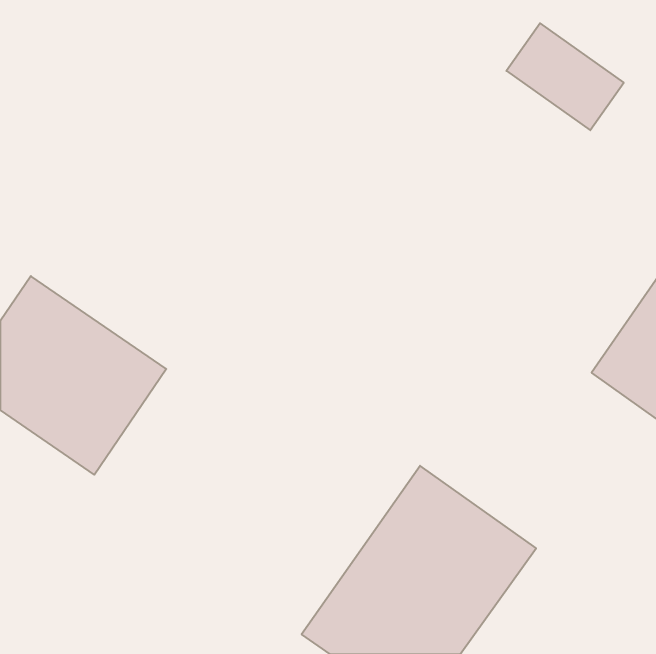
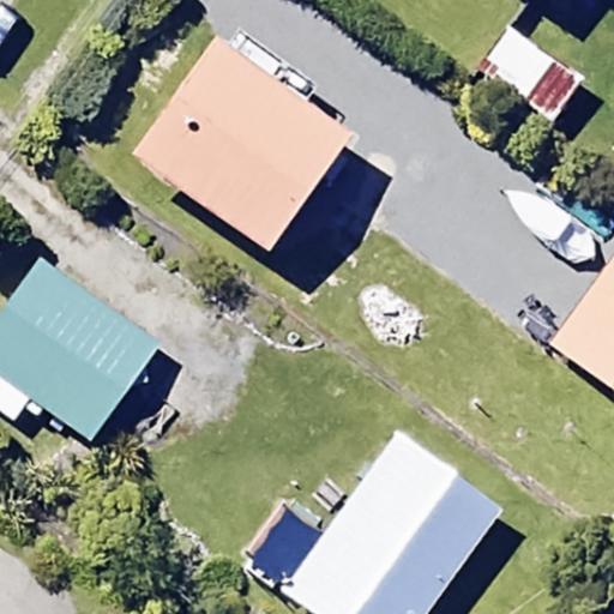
building: none -> [138,28,355,252]

